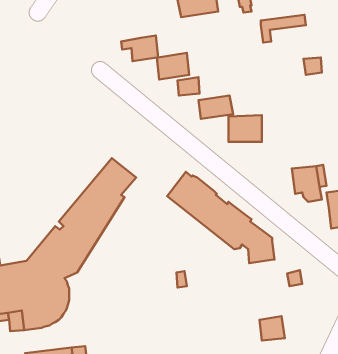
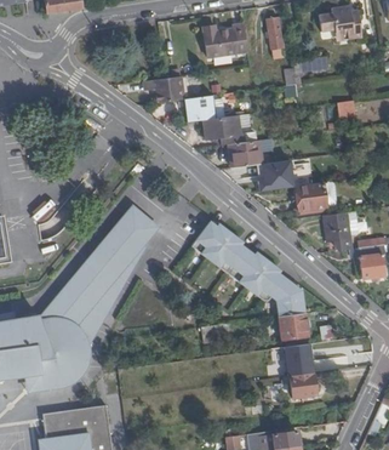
building: none -> [299,183,327,210]
building: none -> [279,312,308,337]
building: none -> [284,342,314,375]

